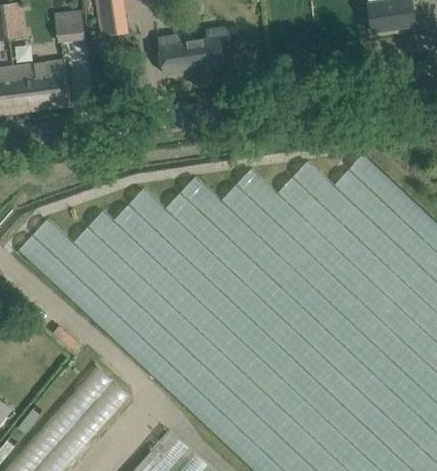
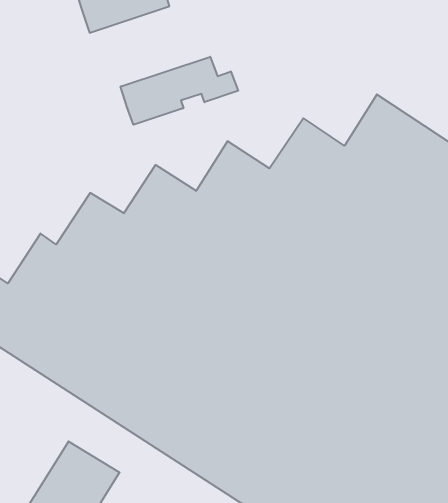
building: none -> [121,57,238,125]

